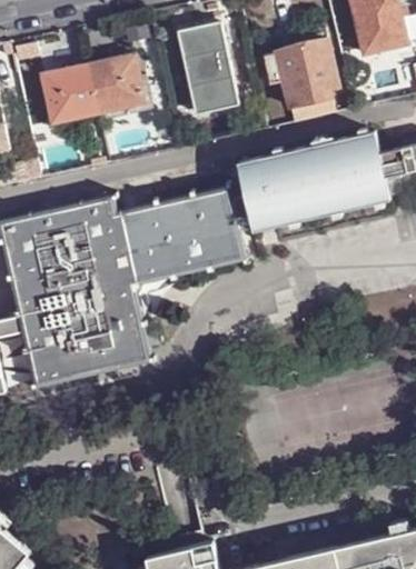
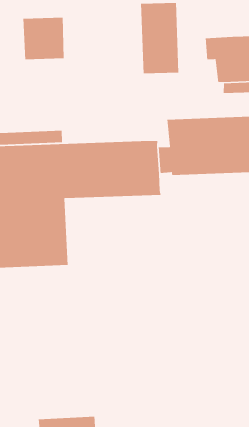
building: [90,52,146,113] -> none

